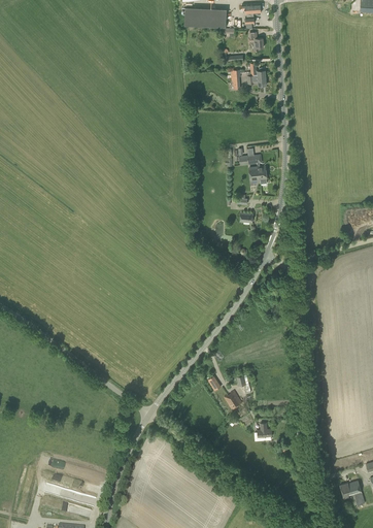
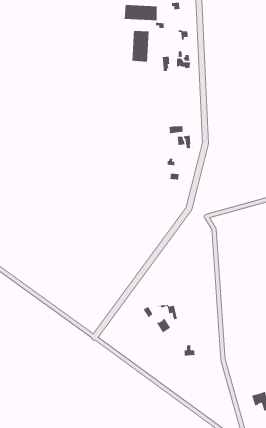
building: none -> [132,30,150,63]

